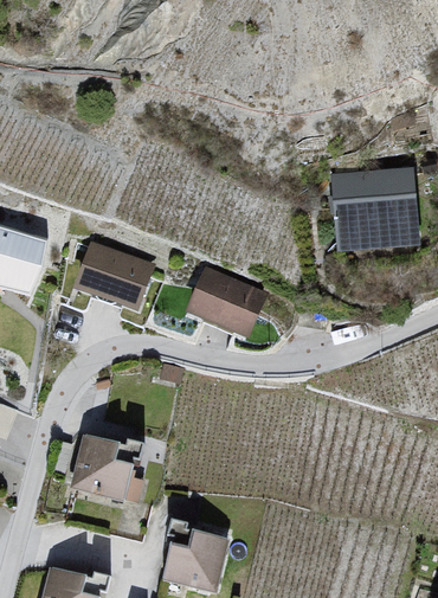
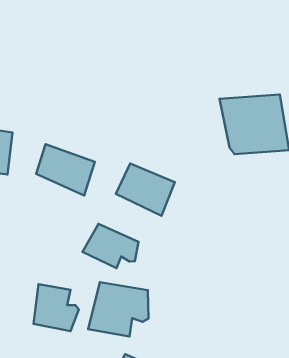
building: none -> [82,224,138,268]
building: none -> [88,282,148,337]

